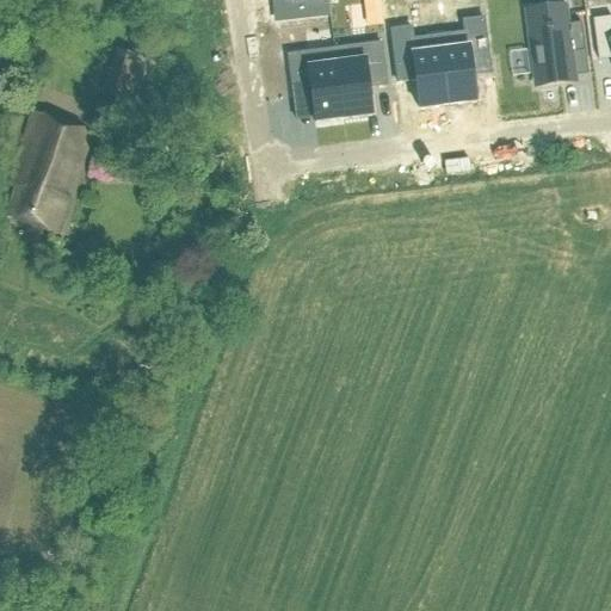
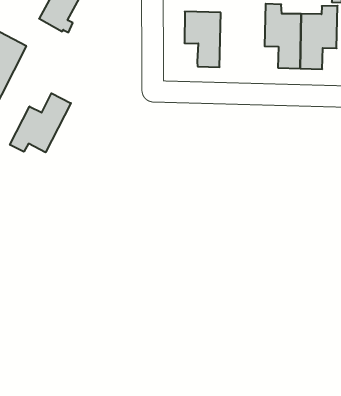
building: [335,41,387,117] -> none
building: none -> [10,93,71,152]

